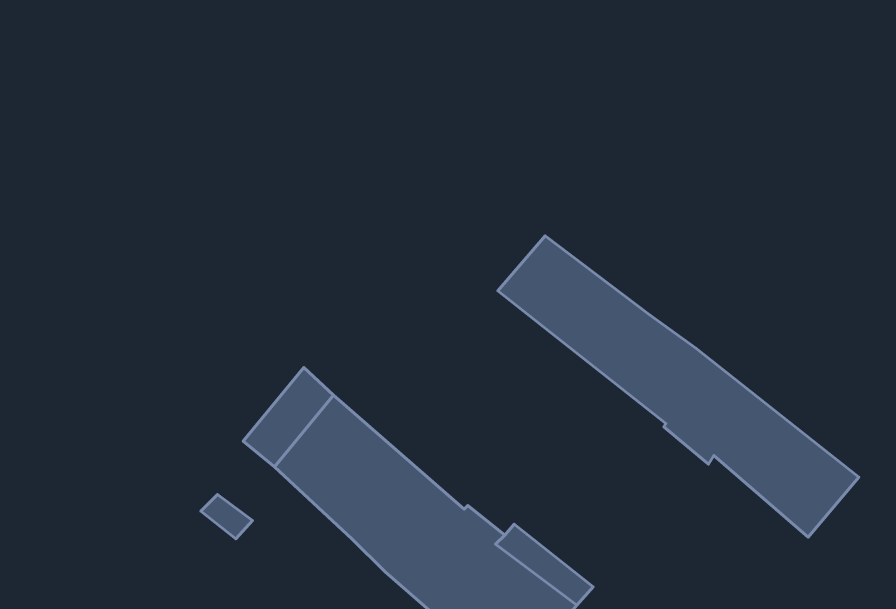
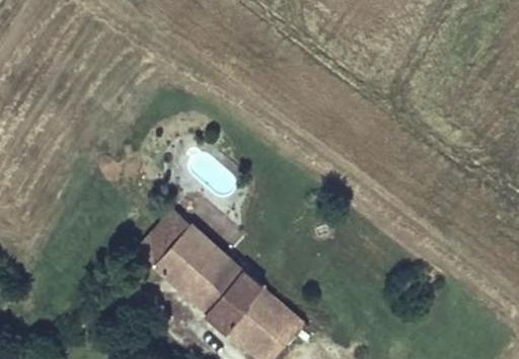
building: [498,236,859,537] -> none

